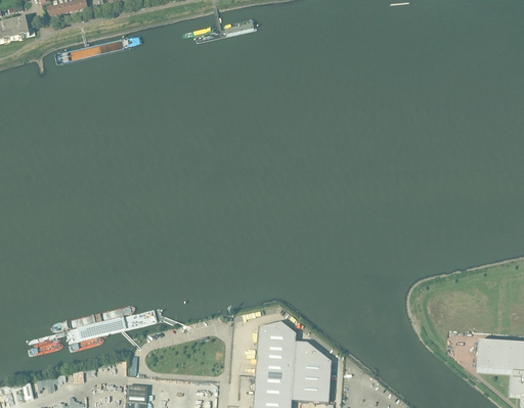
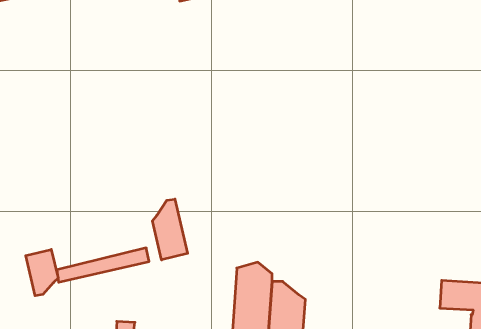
building: none -> [152,199,188,260]
building: none -> [26,249,58,296]

